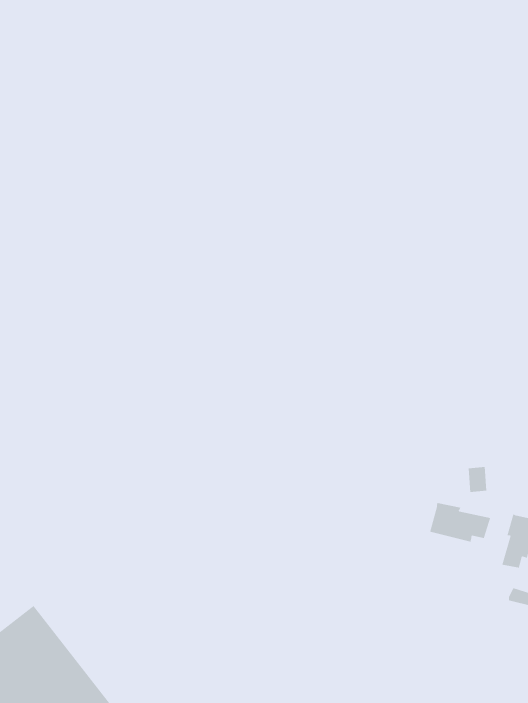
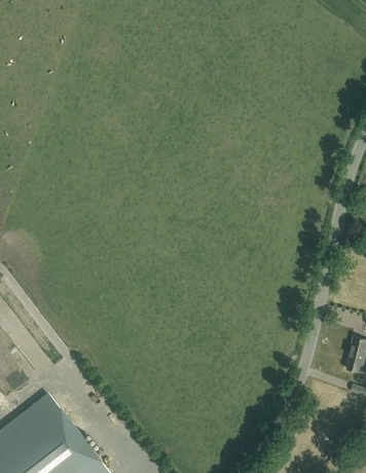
building: [430,502,491,542] -> none

